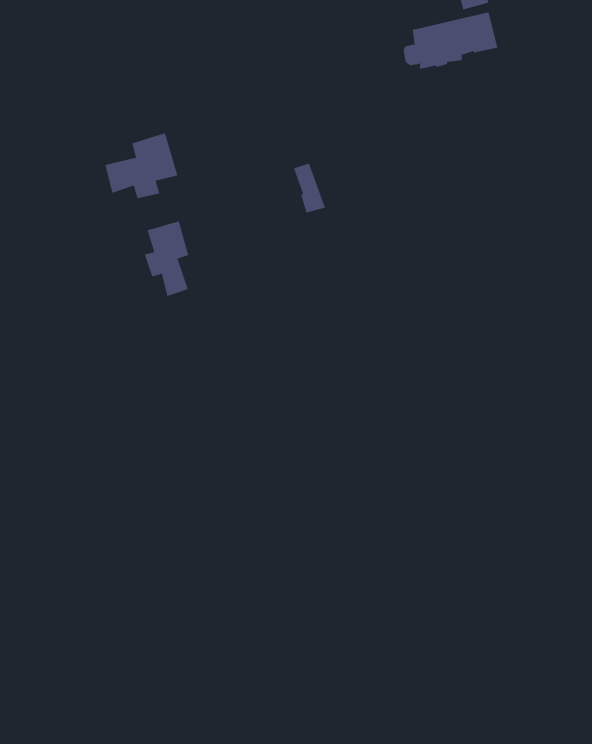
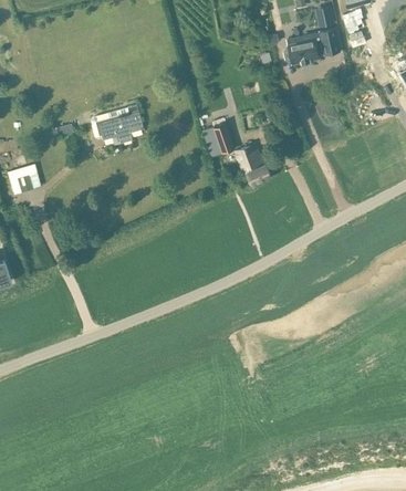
building: none -> [235,144,271,184]
building: [144,220,189,297] -> none

